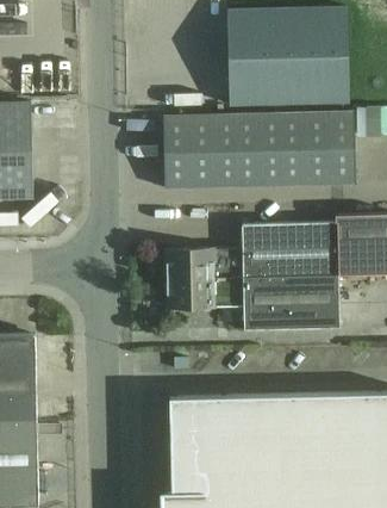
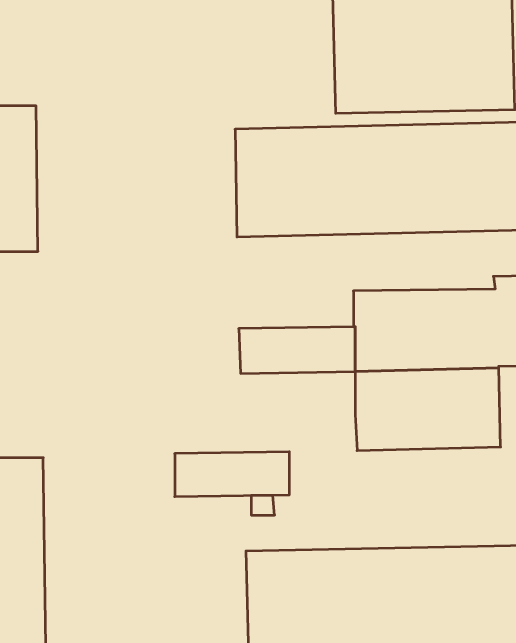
building: [167,278,243,308] -> [175,452,289,497]

